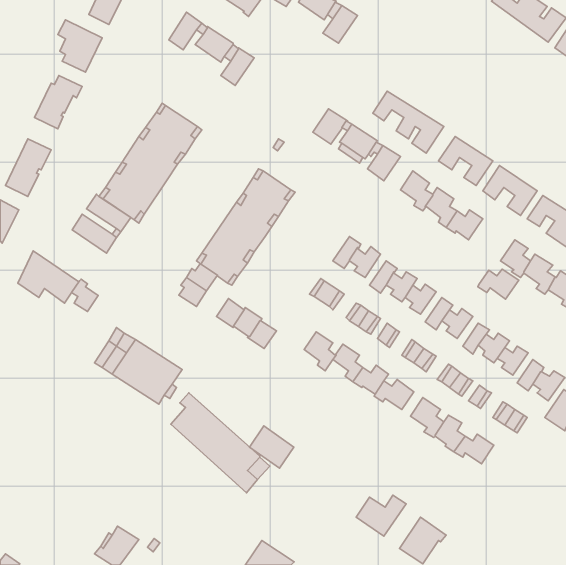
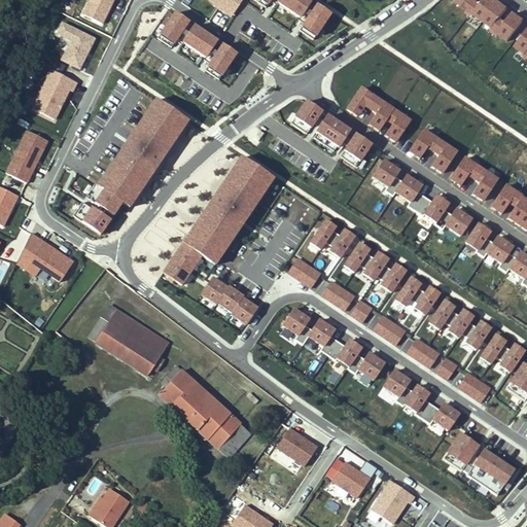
building: [478,269,519,299] -> [434,208,472,236]
building: [72,279,98,311] -> none
building: [249,426,294,468] -> [276,427,317,466]
building: none -> [442,433,514,495]

